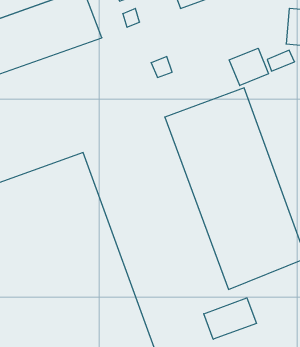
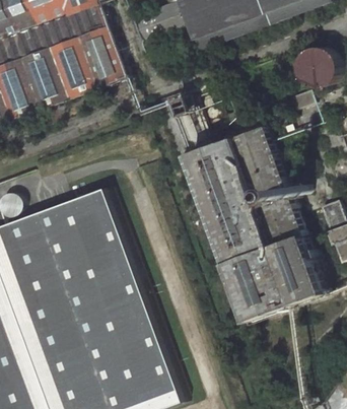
building: [229,48,269,86] -> none
building: [204,298,256,339] -> none

